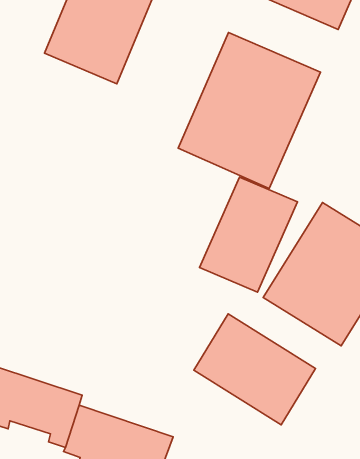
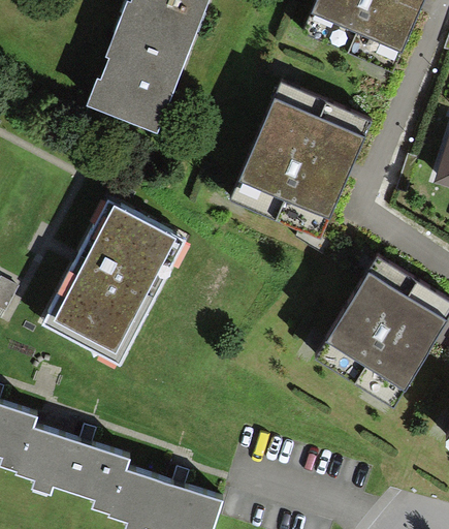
building: none -> [54,197,189,356]
building: [200,177,297,292] -> none
building: [194,314,316,425] -> none

